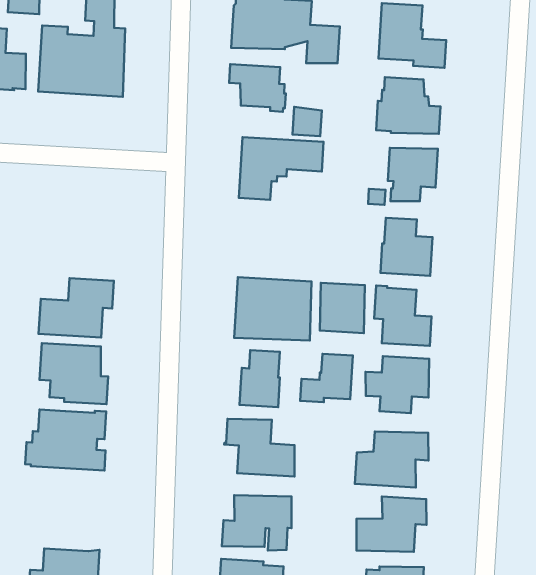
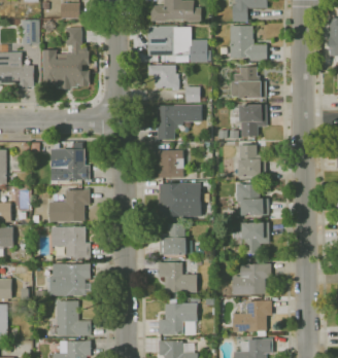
building: none -> [50,142,89,181]
building: [320,283,365,333] -> [158,150,183,177]
building: [300,354,353,402] -> none
building: none -> [57,300,91,335]

